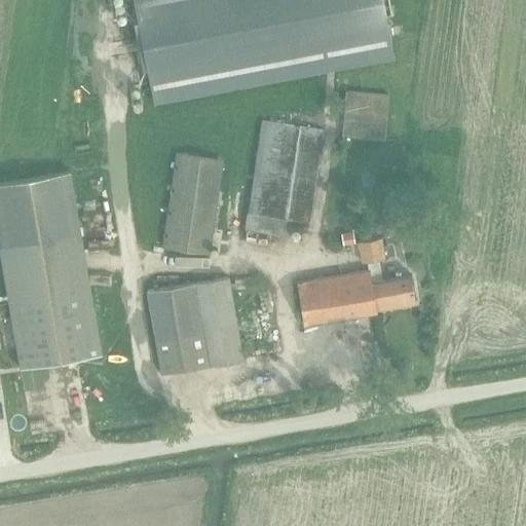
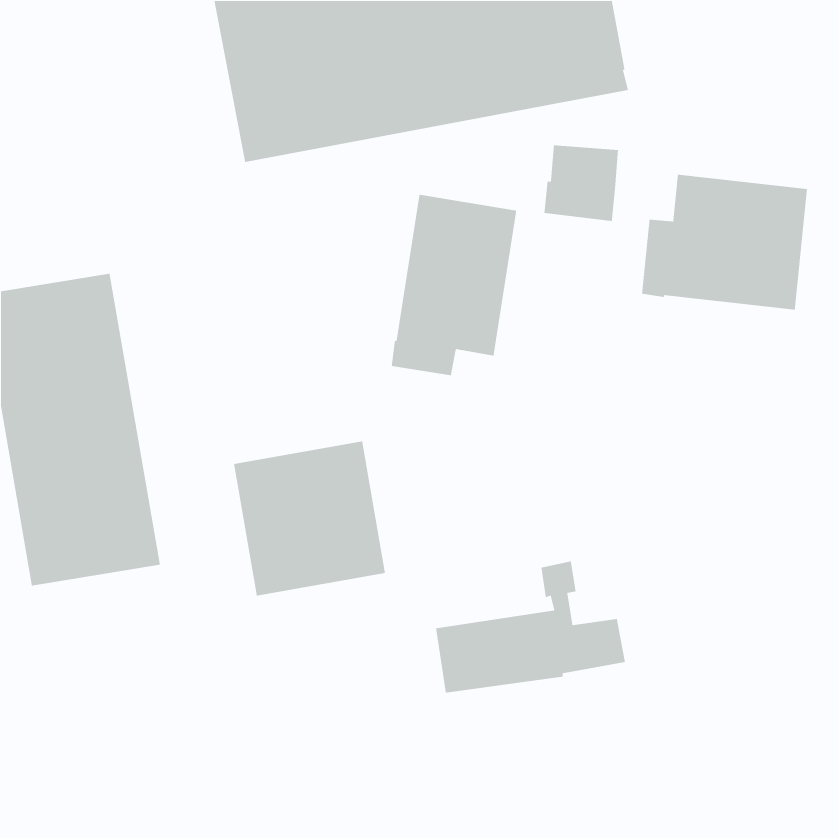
building: none -> [641,174,808,311]
building: [162,155,223,255] -> none
building: [296,239,415,323] -> [435,561,626,694]

